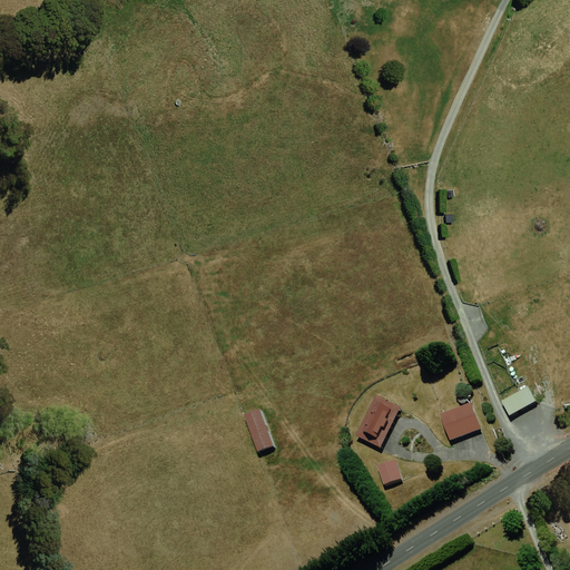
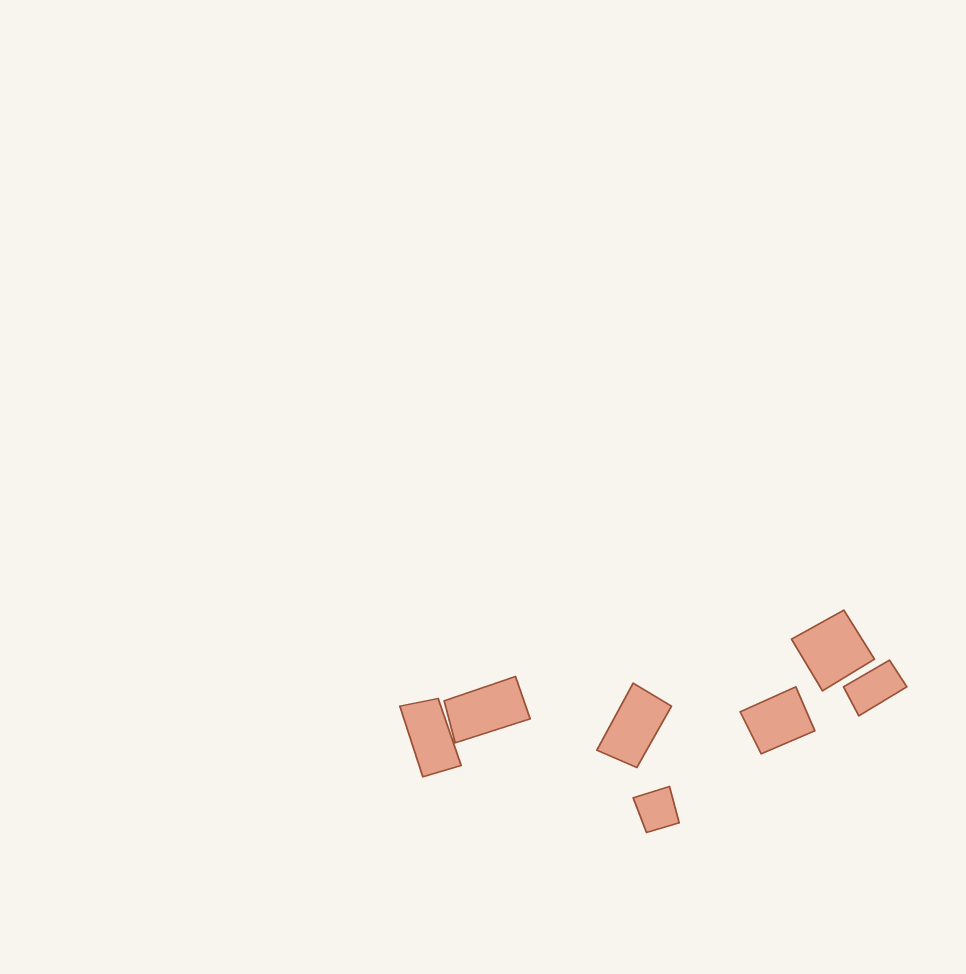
building: none -> [791,610,875,691]
building: none -> [444,677,530,743]

